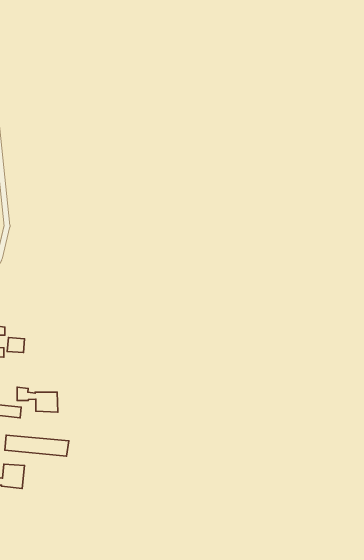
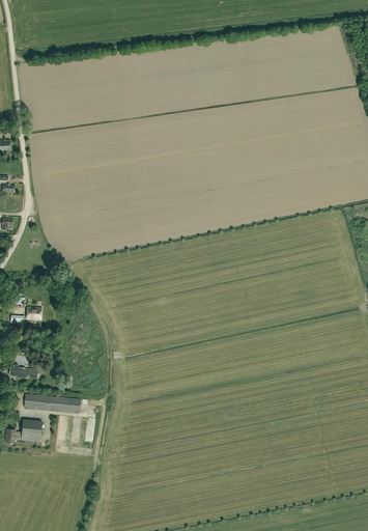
building: [17,387,58,412] -> none

